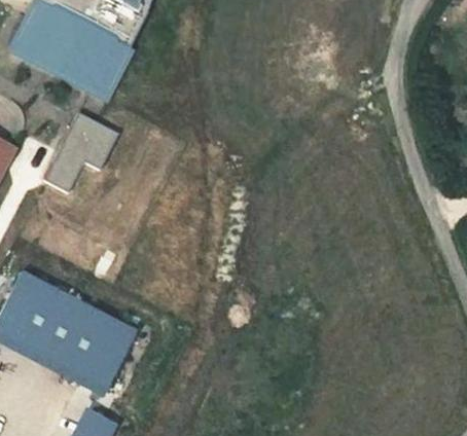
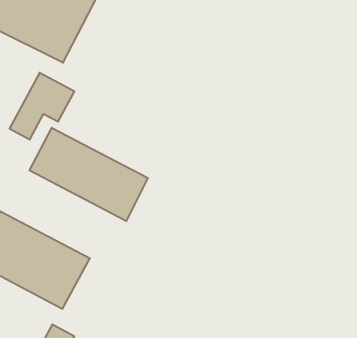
building: none -> [30,128,148,221]

